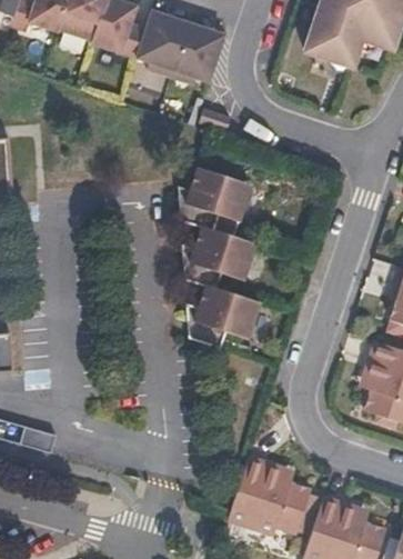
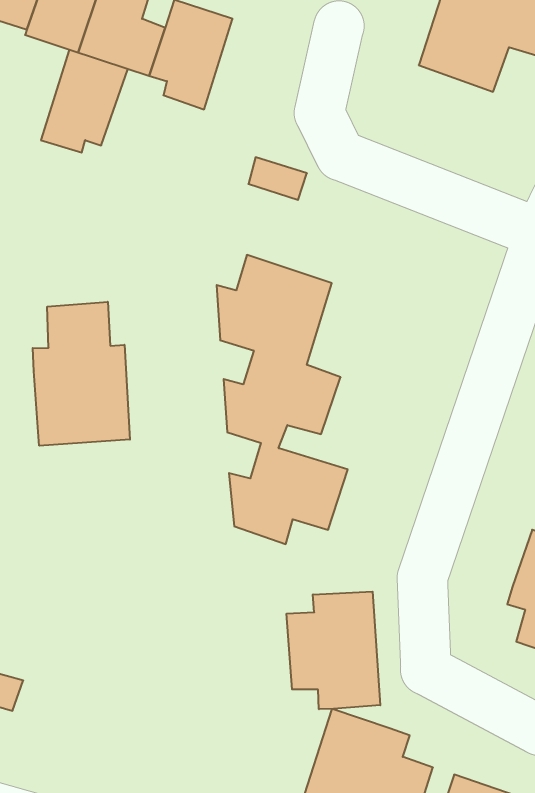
building: [169,21,223,86] -> [41,50,128,153]
building: none -> [33,302,130,446]
building: none -> [287,592,380,709]

